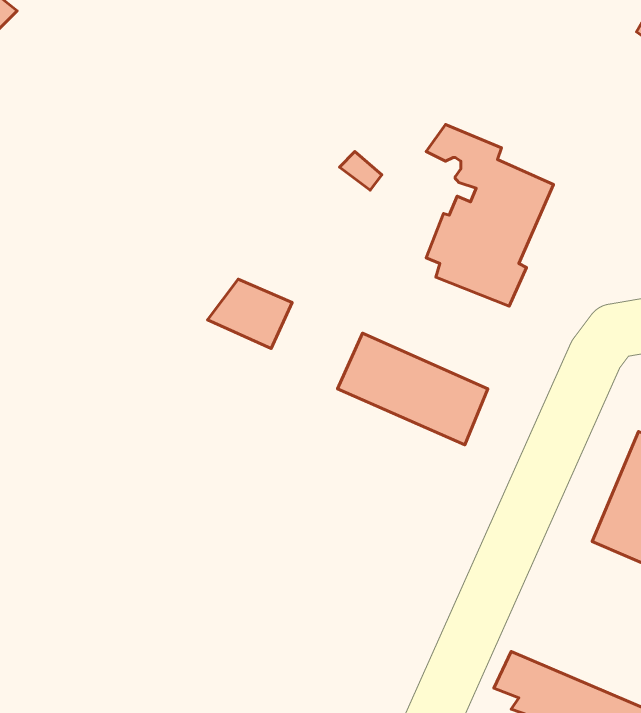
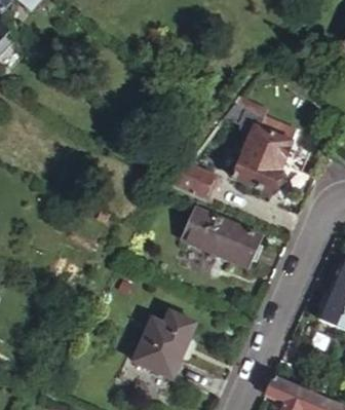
building: [207,279,292,349] -> [174,164,219,201]
building: none -> [133,307,197,377]

